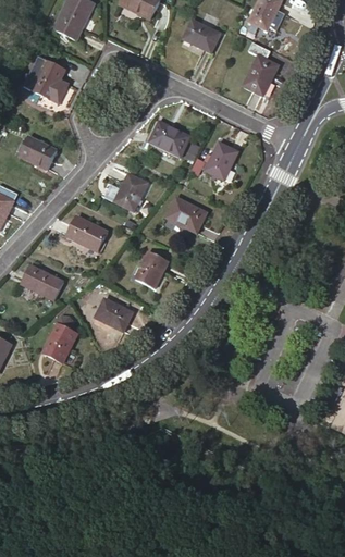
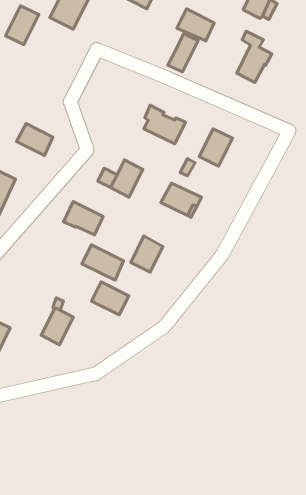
building: none -> [168,34,198,72]
building: [32,60,65,99] -> [6,6,39,44]
building: [21,263,63,299] -> [82,245,124,280]

